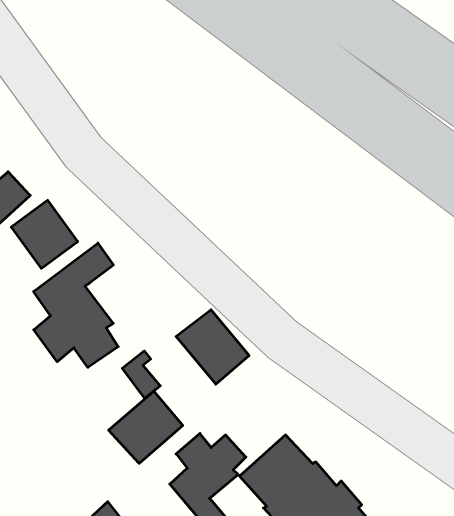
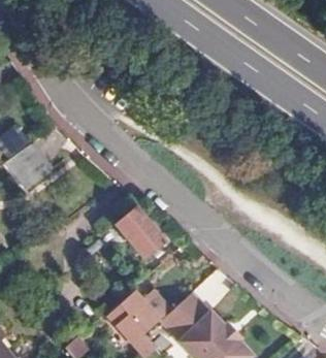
building: [34,243,118,367] -> none
building: [109,391,183,463] -> none

